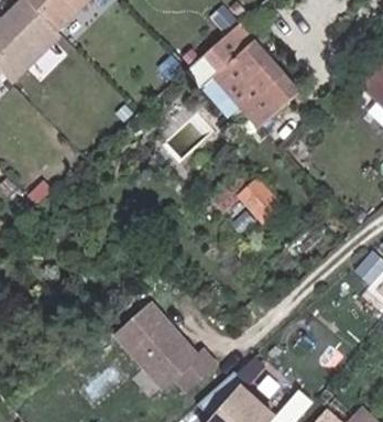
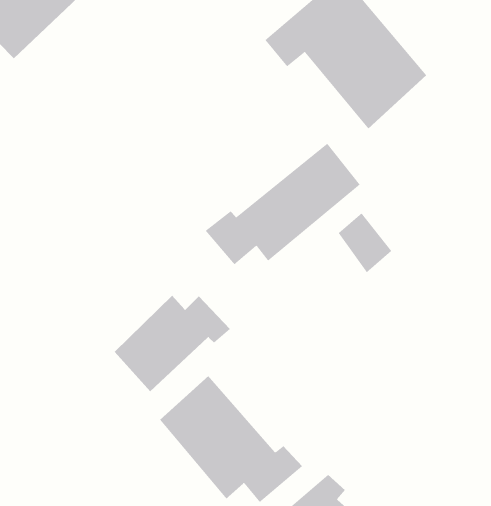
building: none -> [205,143,360,265]
building: none -> [114,295,231,392]

